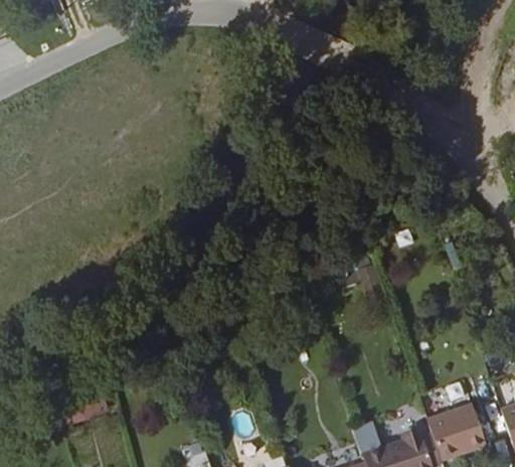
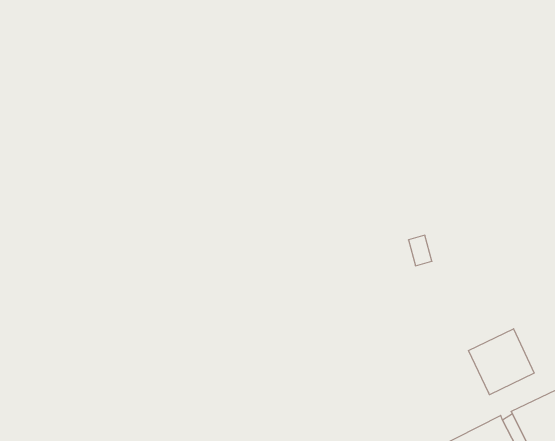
building: none -> [469,329,534,395]

